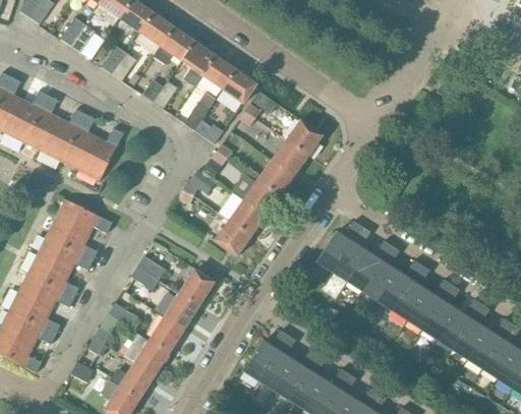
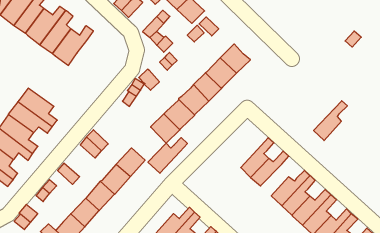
building: [54,197,111,234] -> none
building: [316,221,361,270] -> [148,138,187,173]
building: [362,245,399,298] -> [314,101,347,141]

